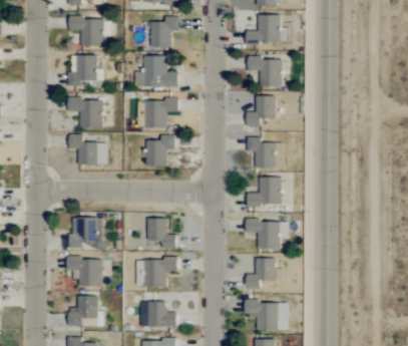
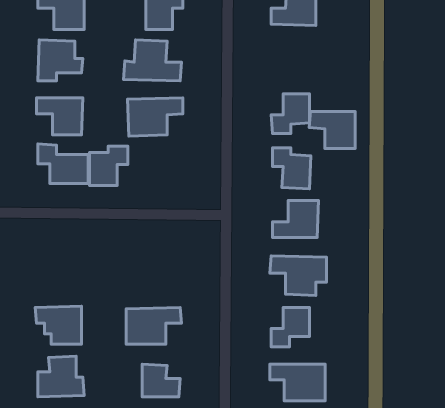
building: [248,58,283,86] -> [309,112,355,149]
building: [146,135,175,165] -> [90,146,128,186]
building: [69,218,102,250] -> none
building: [147,219,176,249] -> none

